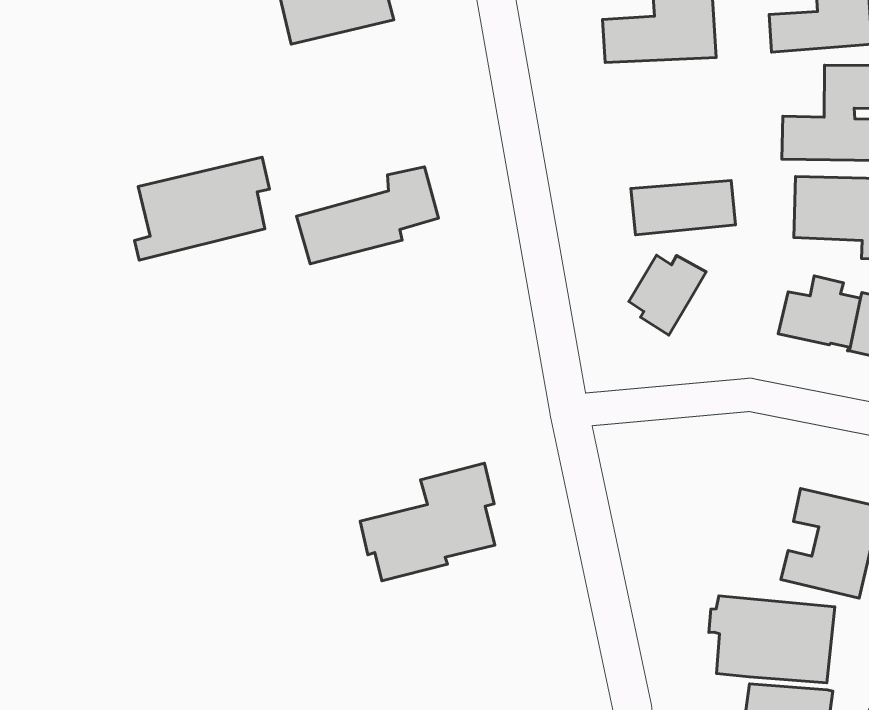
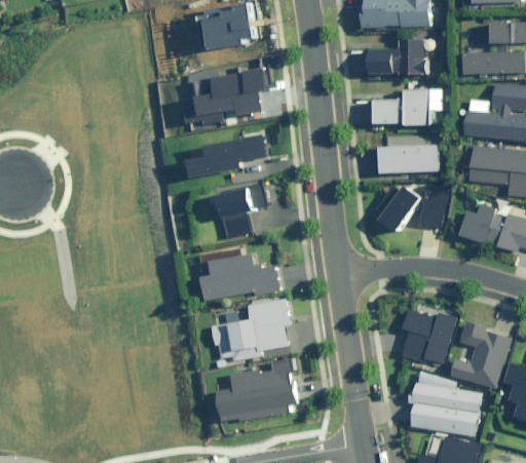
building: none -> [373,88,441,125]
building: [134,157,270,260] -> [184,70,263,124]
building: none -> [419,187,446,227]
building: none -> [218,181,269,220]
building: none -> [224,219,251,241]
building: none -> [203,254,279,300]
building: none -> [399,310,454,374]
building: none -> [220,361,296,421]

